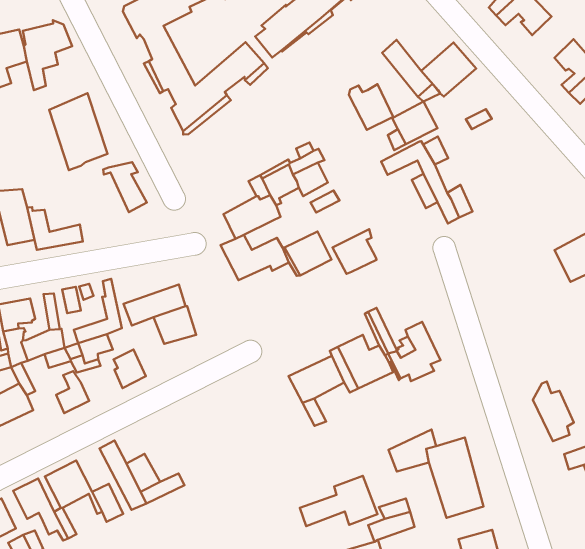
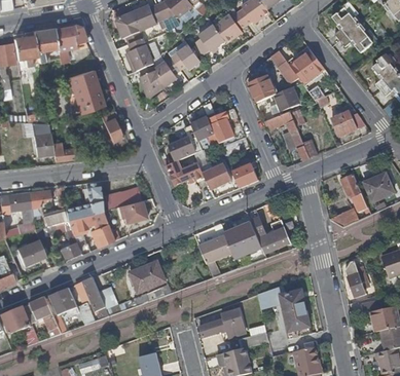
building: none -> [331,109,366,137]
building: none -> [328,175,370,227]
building: none -> [131,260,166,292]

